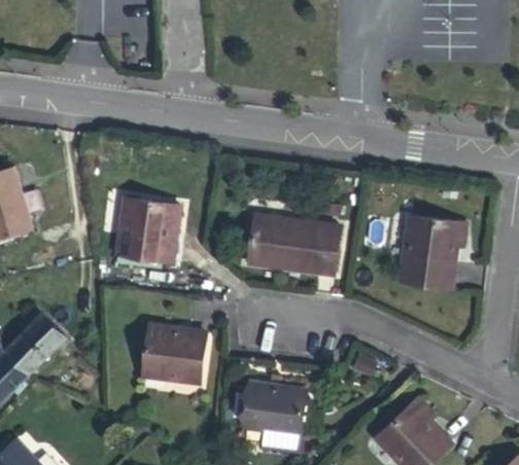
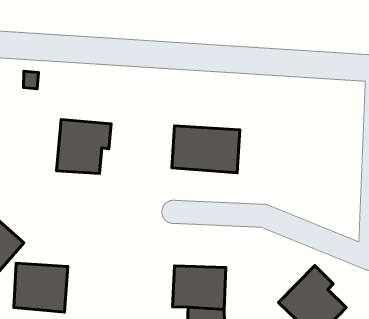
building: [403,216,474,286] -> none
building: [136,322,205,386] -> [14,263,68,312]

